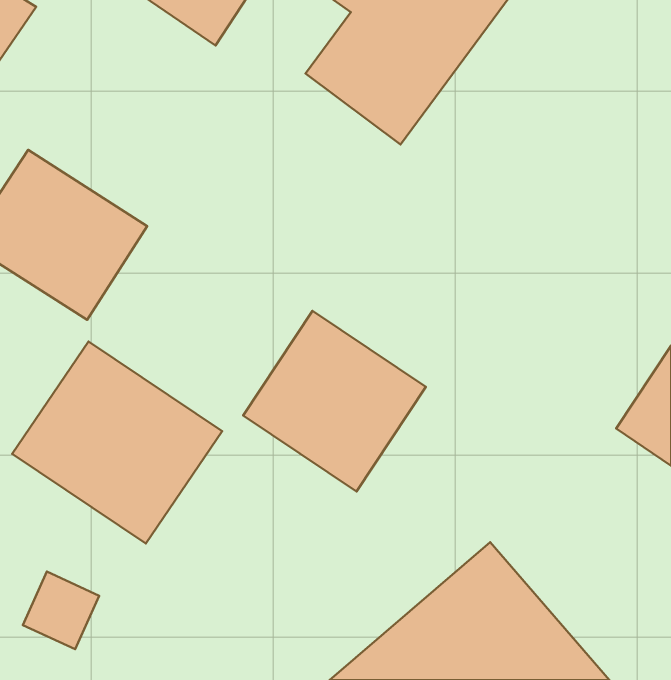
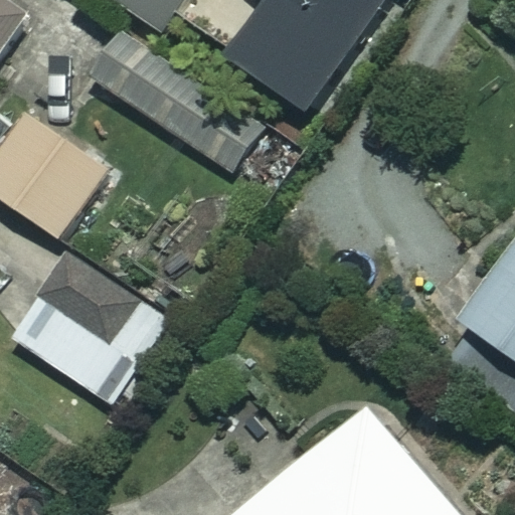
building: none -> [83,27,259,172]
building: [243,311,426,491] -> none

